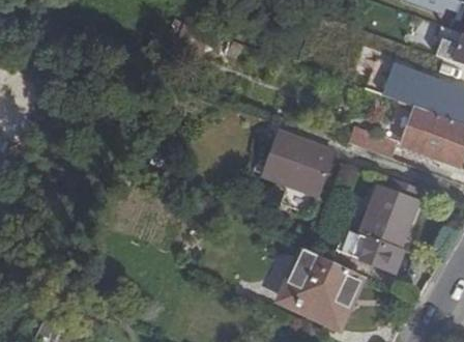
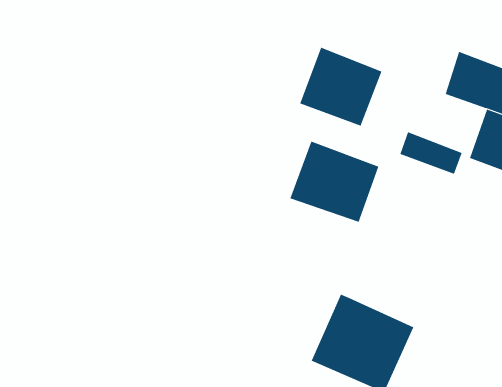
building: none -> [300,47,382,126]
building: [343,187,418,272] -> none

